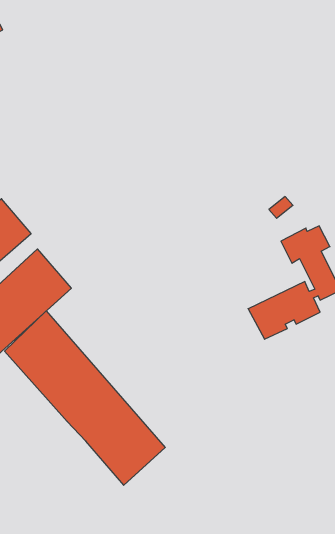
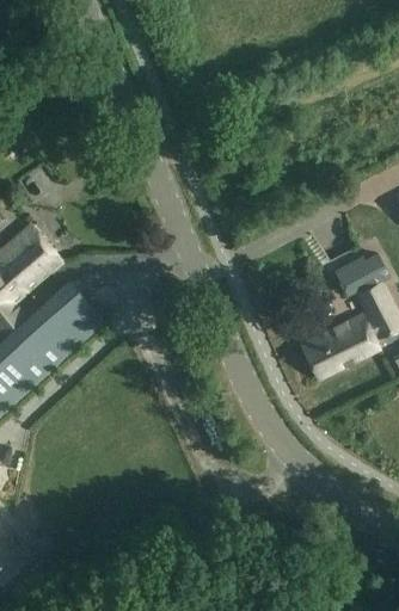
building: [5,311,165,485] -> none

